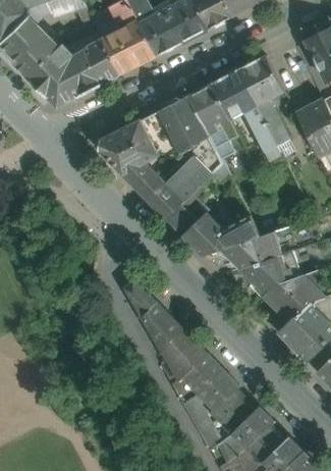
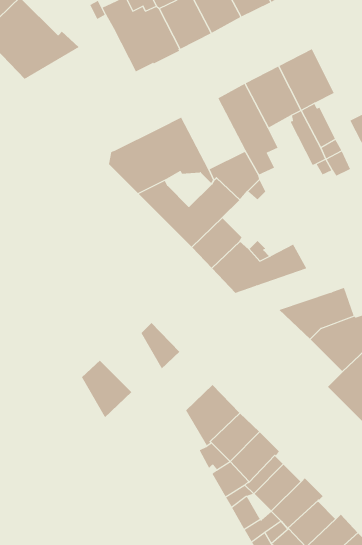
building: [29,39,120,107] -> none
building: [158,96,210,154] -> none
building: [219,231,280,269] -> none
building: [142,304,183,352] -> [81,360,132,418]

